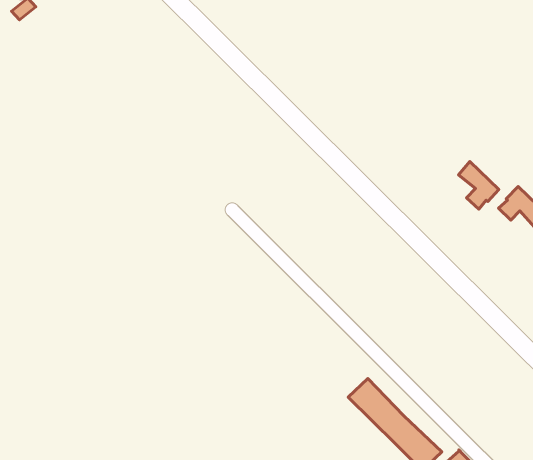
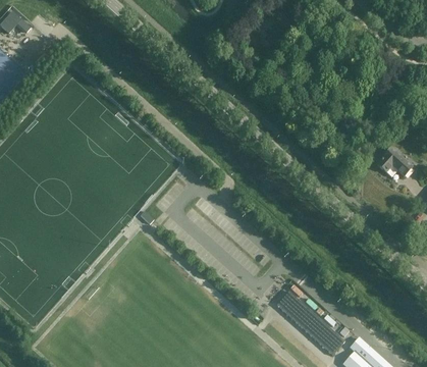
building: [459,161,499,209] -> none

